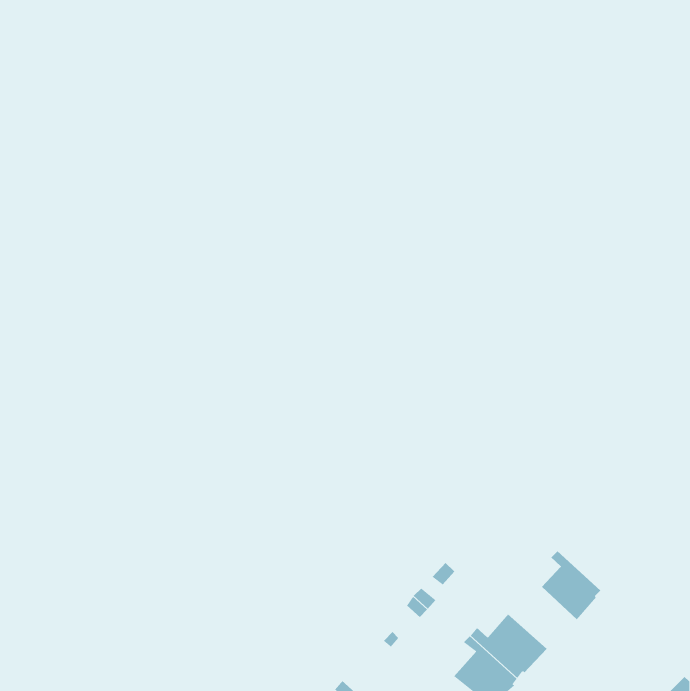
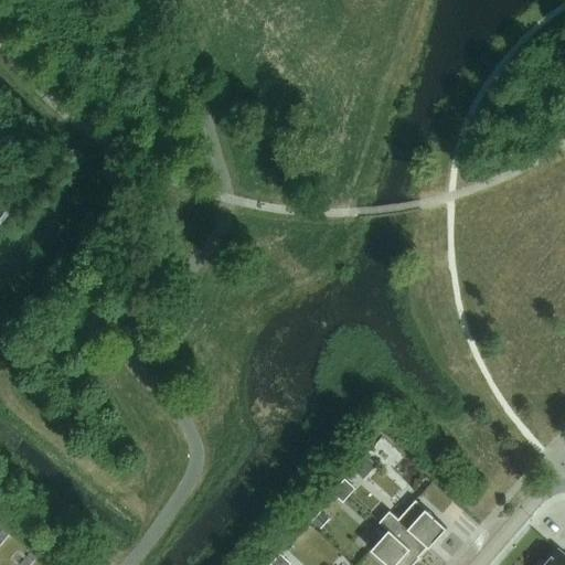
building: [541,551,601,620] -> none

